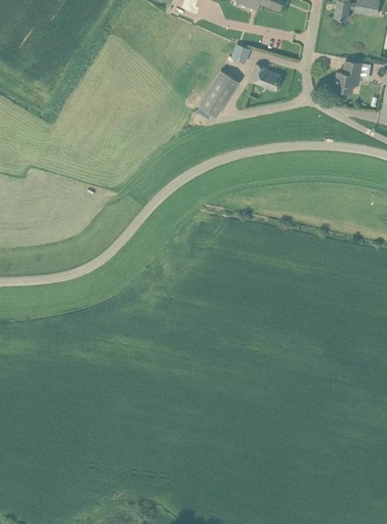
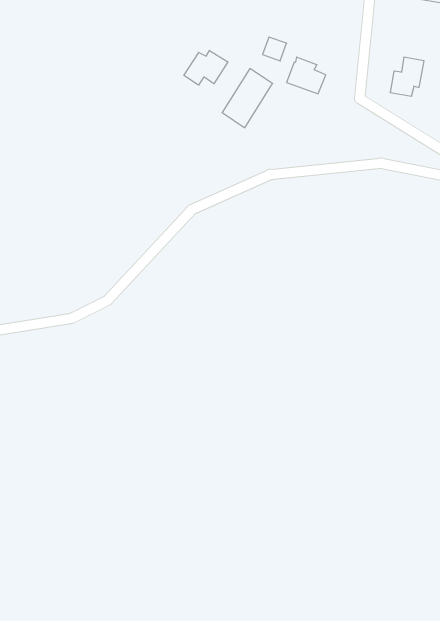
building: none -> [184,50,228,85]

